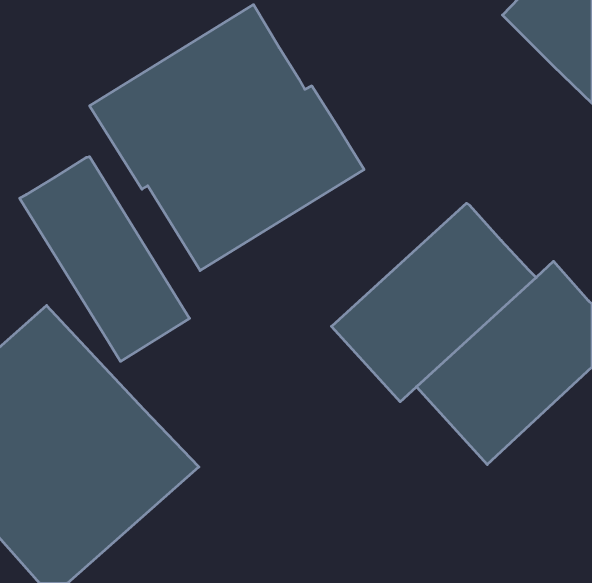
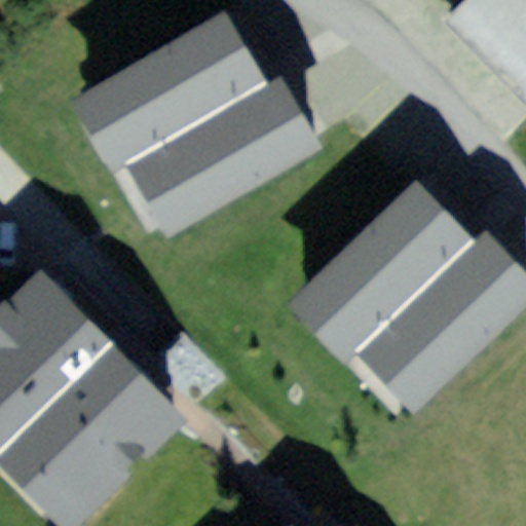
building: [20,157,190,361] -> none

